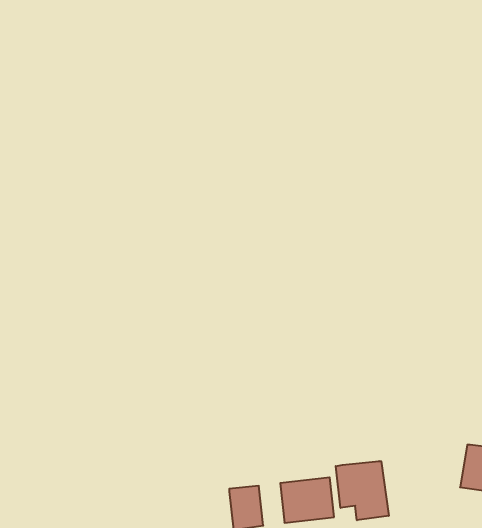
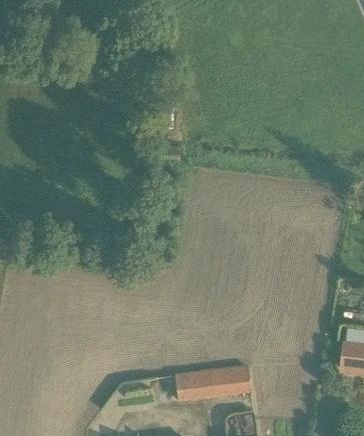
building: [336,461,389,520] -> none

